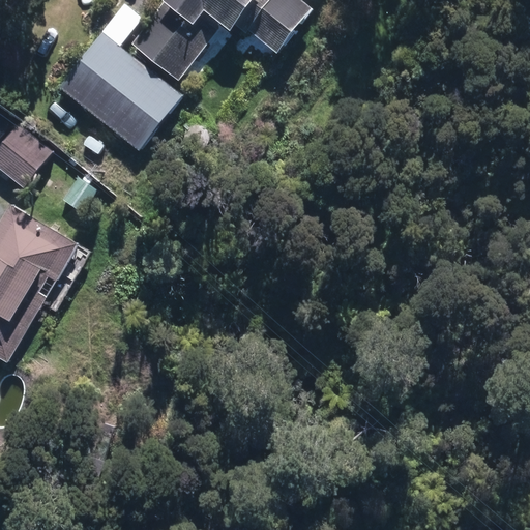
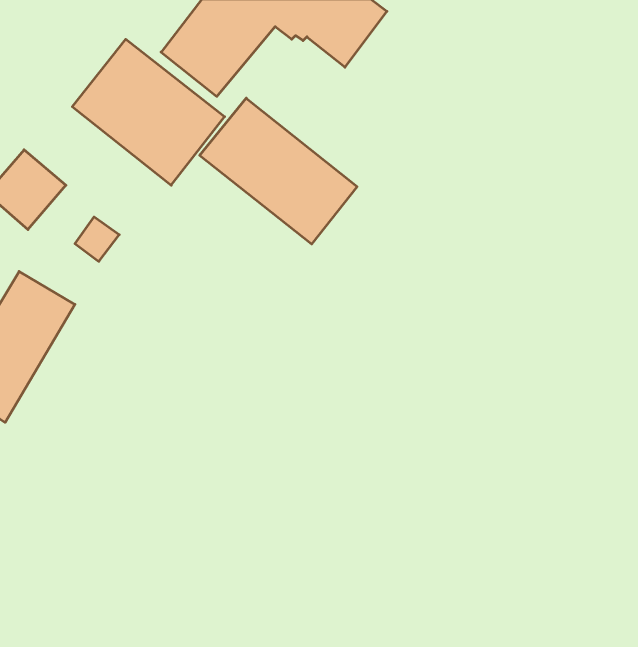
building: none -> [200,98,357,244]

